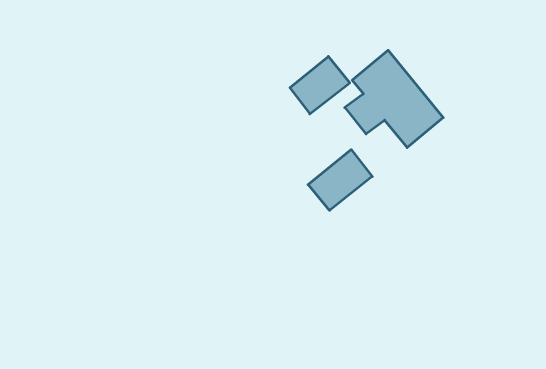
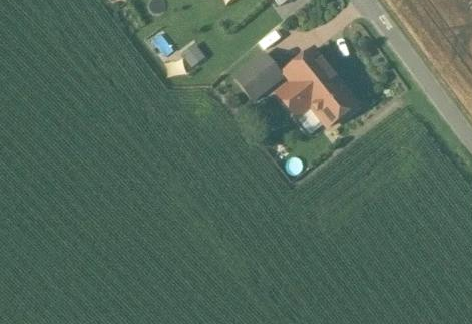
building: [308,150,372,210] -> none

